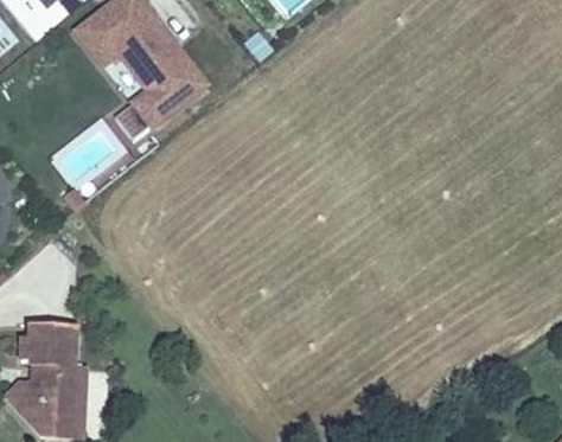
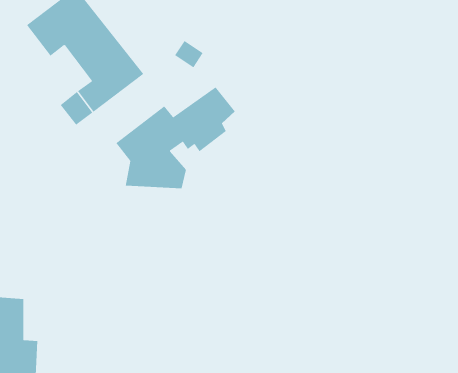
building: none -> [116,87,236,189]

